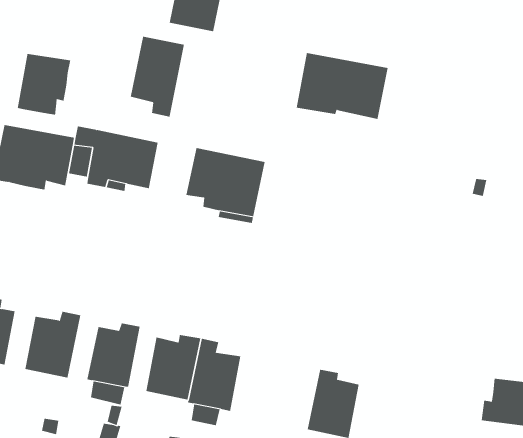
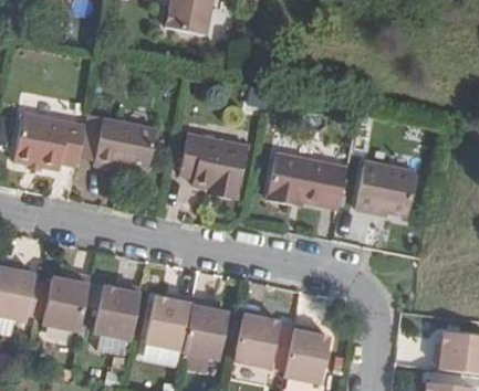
building: [130,36,184,117] -> none
building: [296,53,389,119] -> [269,151,348,209]
building: [17,53,71,115] -> none
building: none -> [356,159,418,215]
building: none -> [233,307,280,369]

